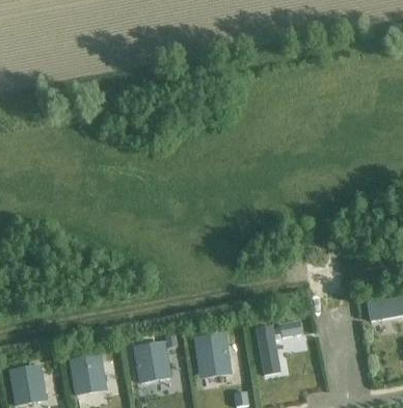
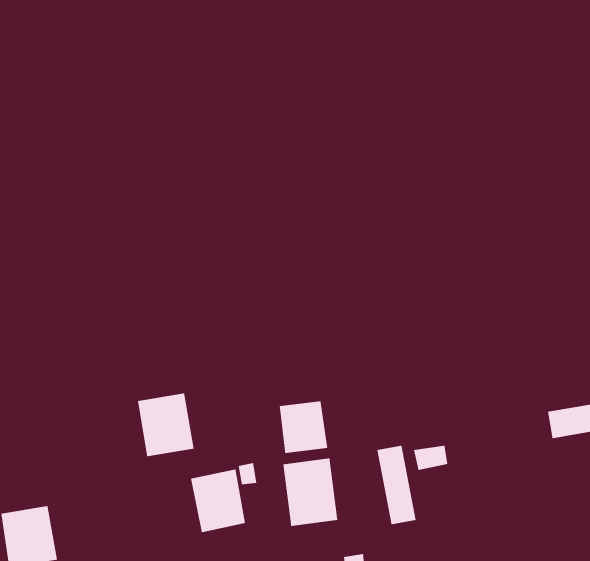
building: none -> [279,400,328,454]
building: [70,353,107,395] -> [137,393,194,457]

